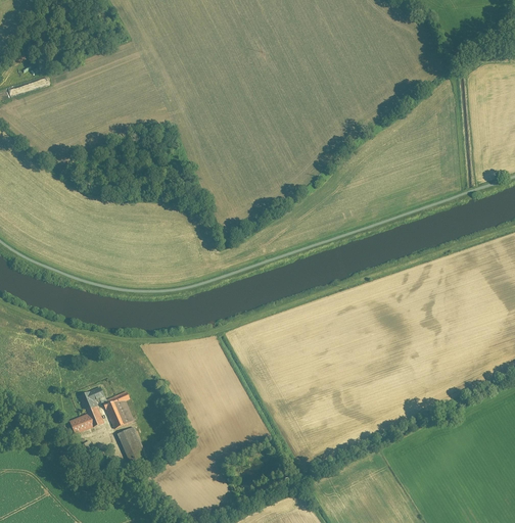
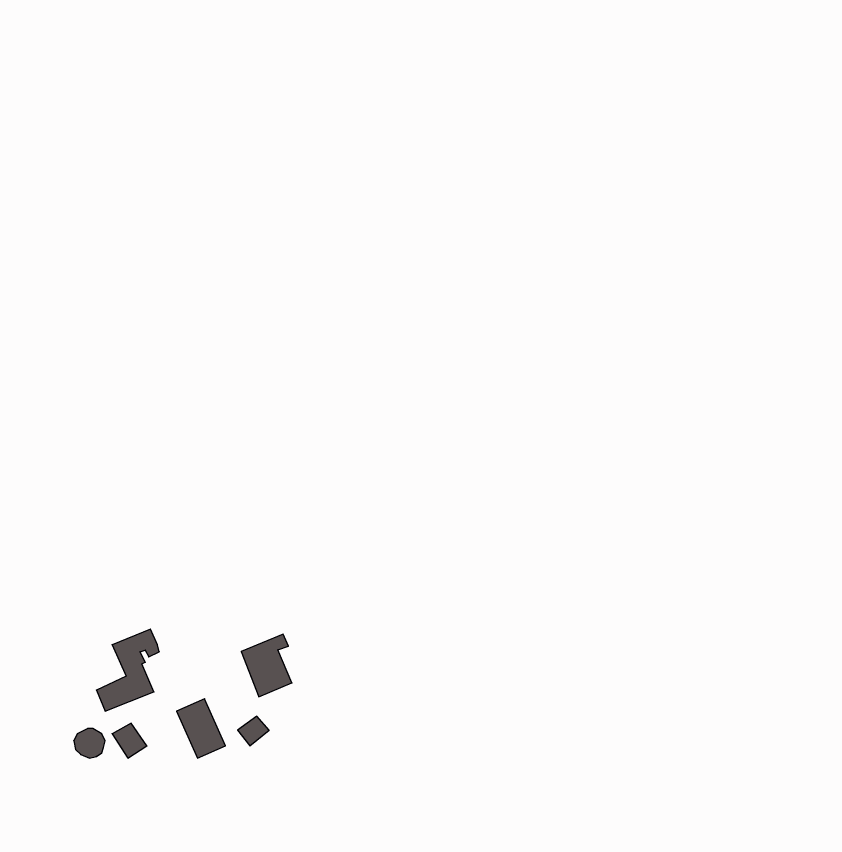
building: [104,392,134,429] -> [241,634,292,697]

